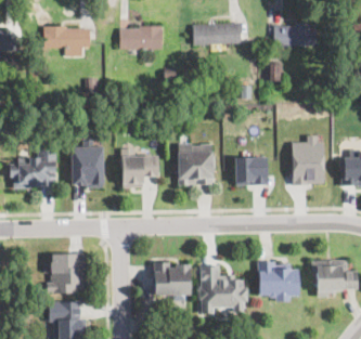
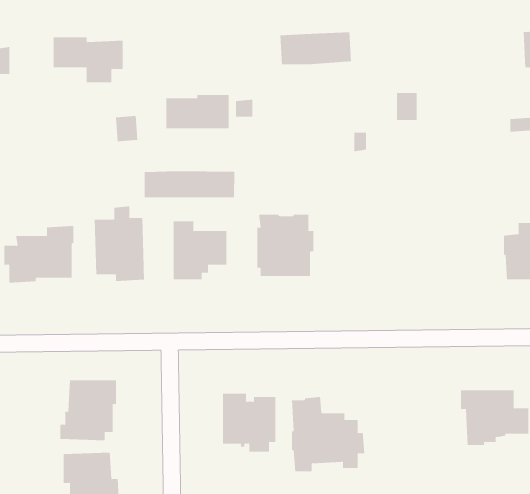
building: [273,22,317,47] -> none
building: [120,27,163,50] -> [165,94,229,129]
building: none -> [144,170,235,198]
building: [292,134,325,185] -> none
building: [235,156,267,184] -> none
building: [258,260,299,301] -> none

